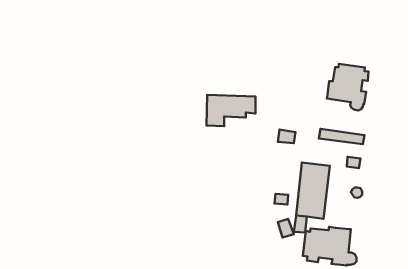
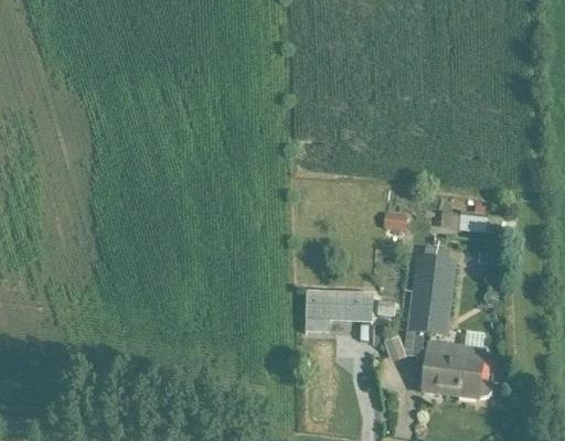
building: [327,64,369,111] -> none
building: [206,95,255,126] -> [306,290,373,333]

